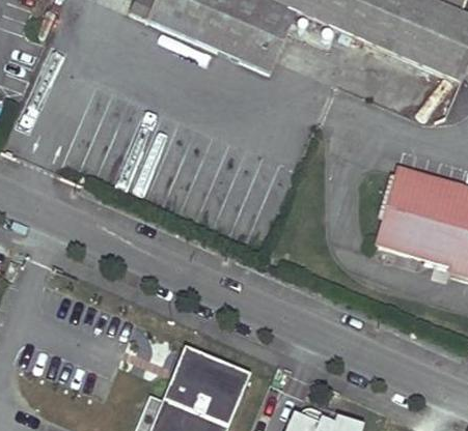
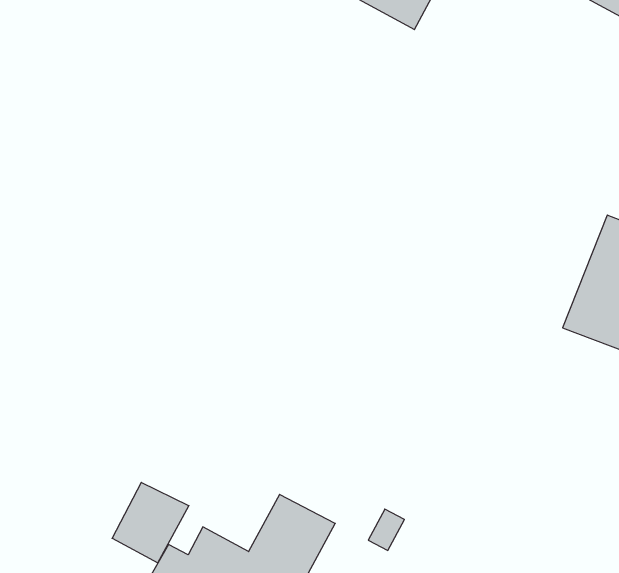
building: [170,347,215,395] -> [112,482,189,563]

